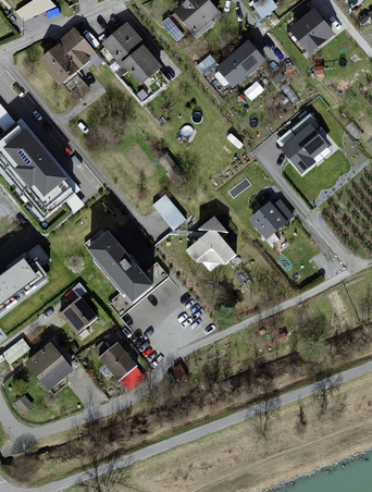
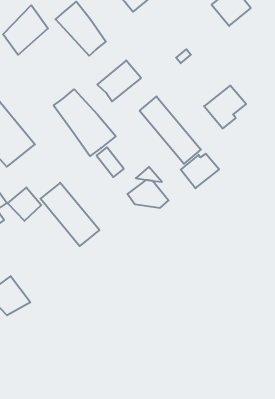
building: [214,38,265,86] -> [97,60,141,101]
building: none -> [54,89,116,156]
building: none -> [140,96,201,164]
building: [58,295,97,334] -> [8,187,41,221]
building: [98,341,135,379] -> none

